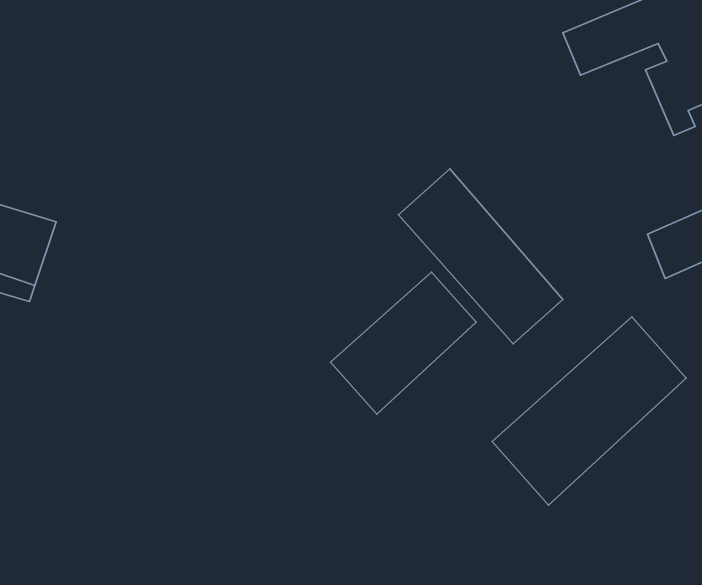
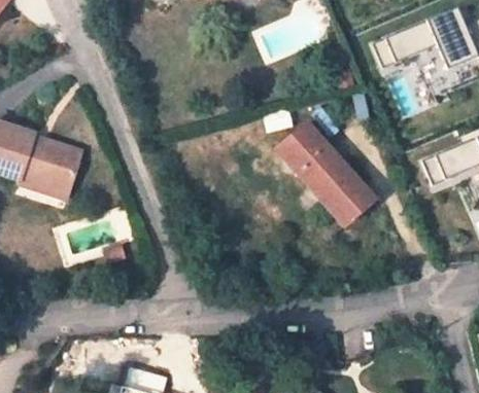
building: [331,272,476,414] -> none
building: [492,317,686,505] -> none

